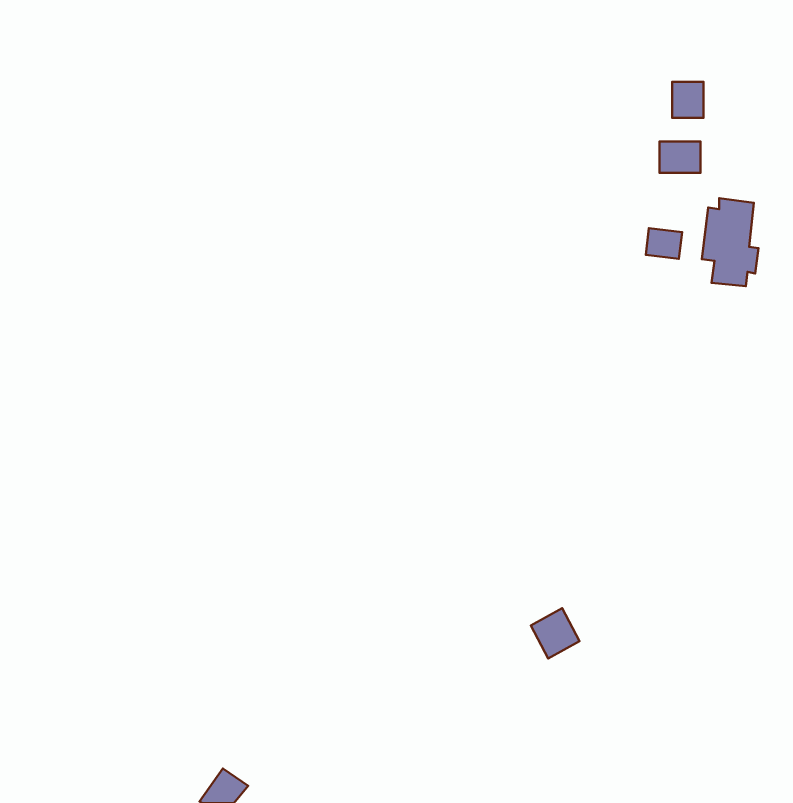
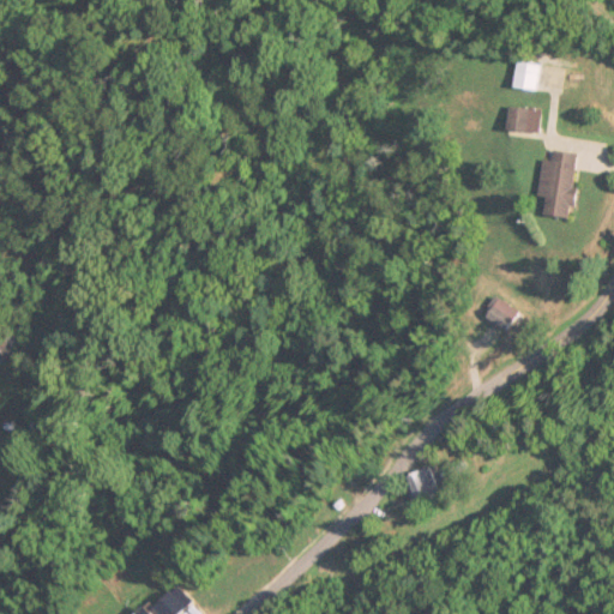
building: [646,228,682,259] -> none
building: none -> [484,297,519,330]

